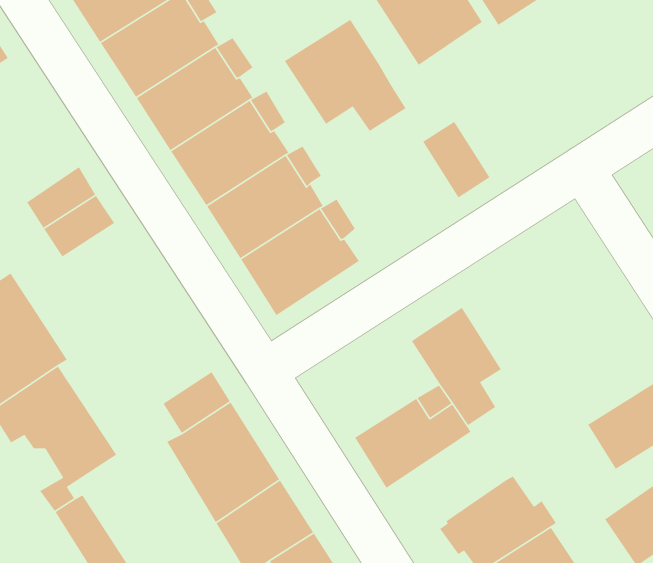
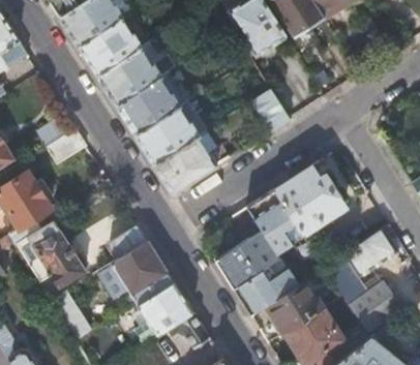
building: [284,19,406,132] -> none
building: none -> [274,165,347,234]
building: none -> [233,266,298,315]

